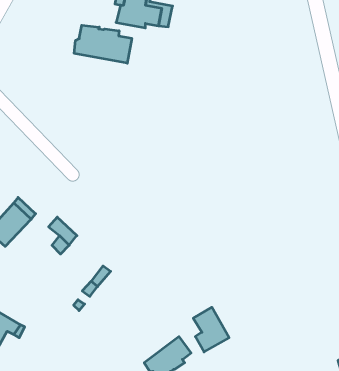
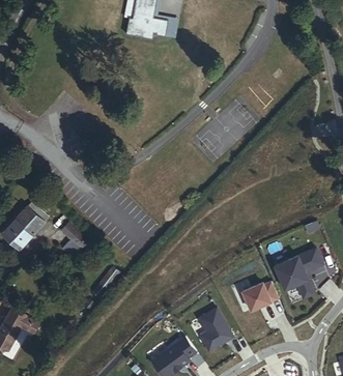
building: [74,25,132,63] -> none
building: none -> [275,245,323,297]
building: none -> [242,280,278,309]

